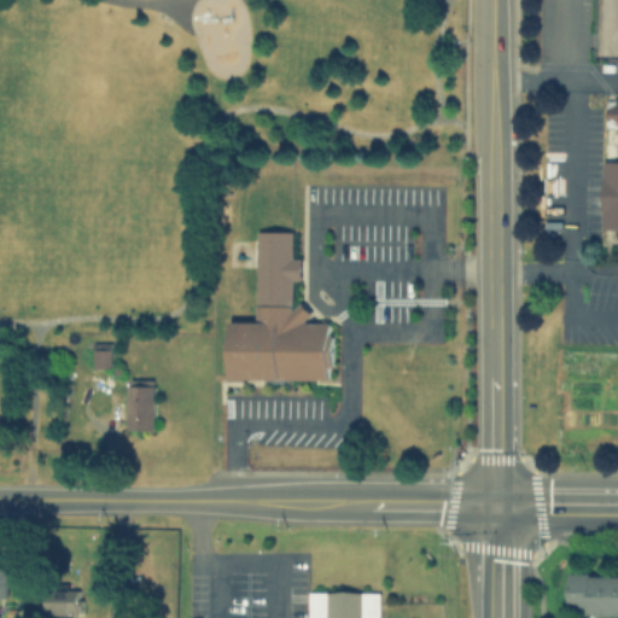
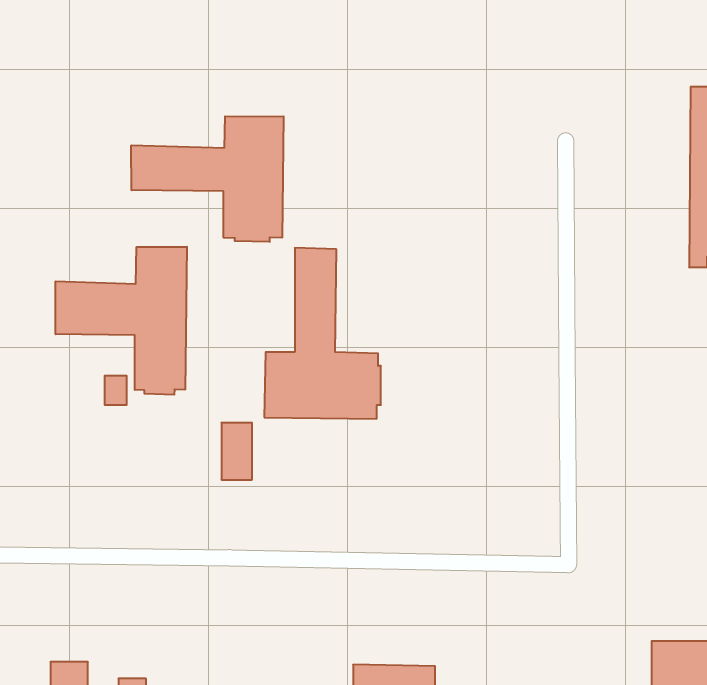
building: none -> [131,116,284,242]
building: none -> [56,247,187,395]
building: [128,381,154,431] -> [221,423,252,480]

